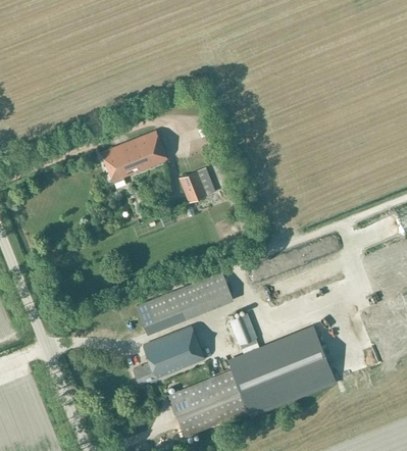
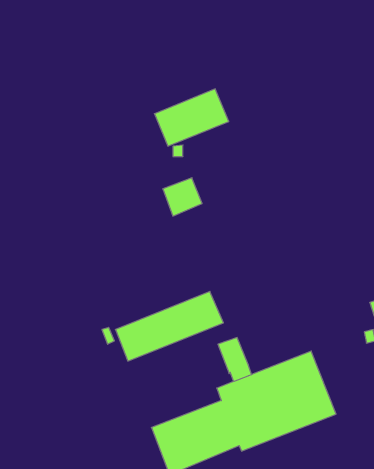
building: [100,131,167,183] -> [154,89,229,146]
building: [133,325,205,386] -> none

